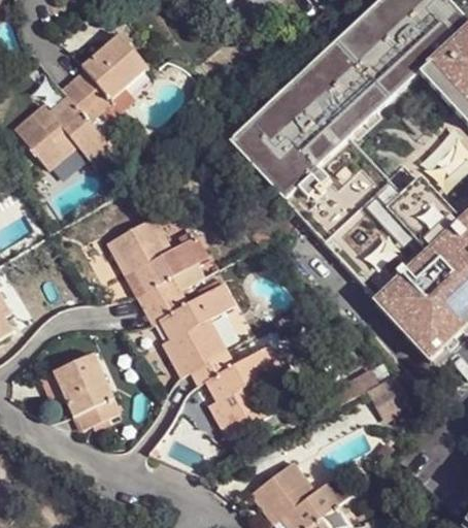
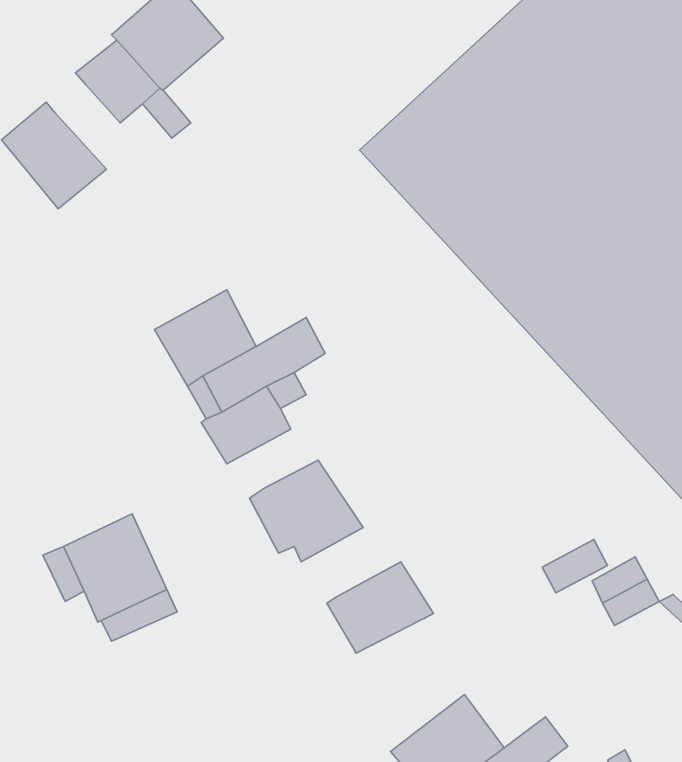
building: [47,97,115,168] -> none
building: [162,285,236,338] -> none
building: [202,342,280,403] -> none

